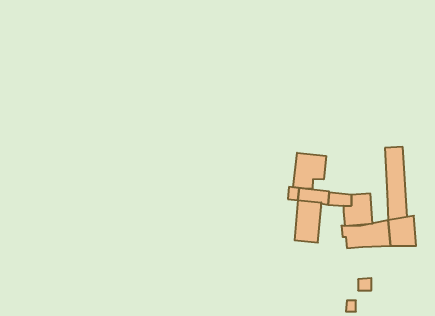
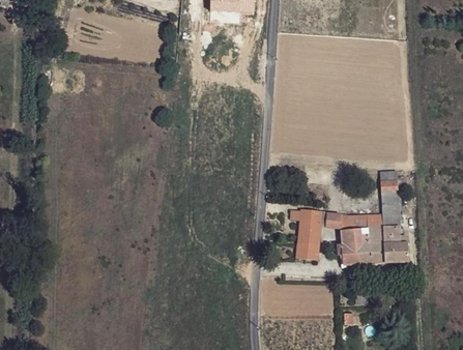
building: [293,153,326,189] -> none
building: none -> [367,213,383,241]

